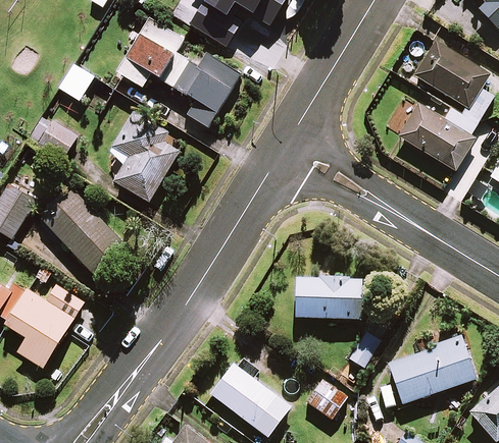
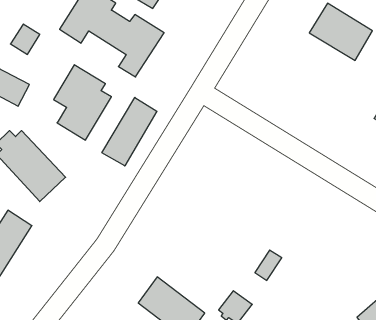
building: [398,102,476,171] -> none
building: none -> [102,97,157,166]
building: [295,276,361,318] -> none
building: [389,335,476,402] -> none

